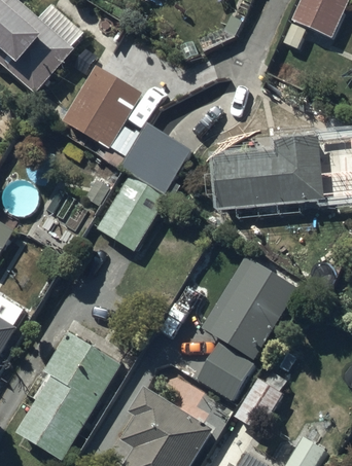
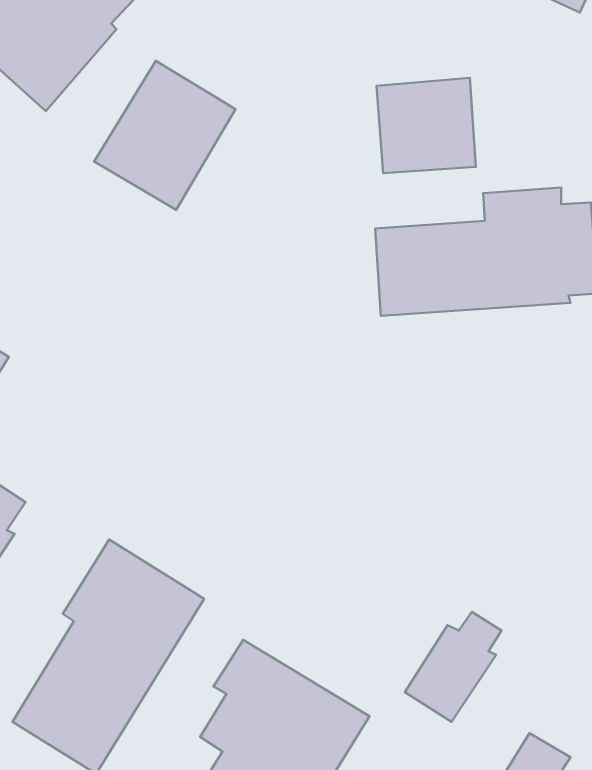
building: none -> [377,78,476,173]
building: [96,122,191,250] -> none
building: [195,255,305,400] -> none

